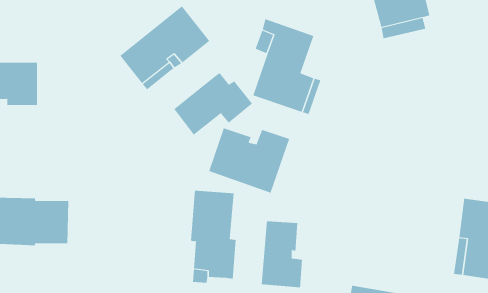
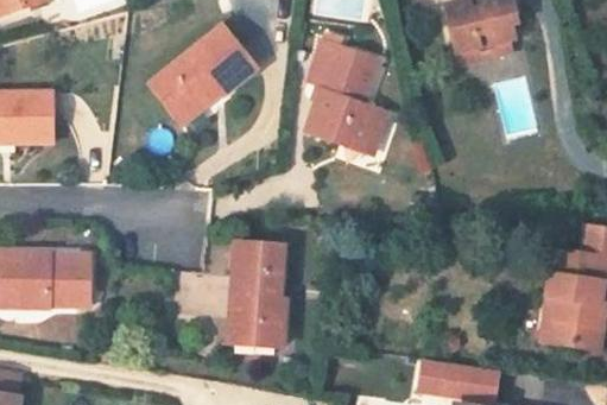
building: [174,72,253,136] -> none
building: [209,128,290,194] -> none
building: [261,220,303,288] -> none

